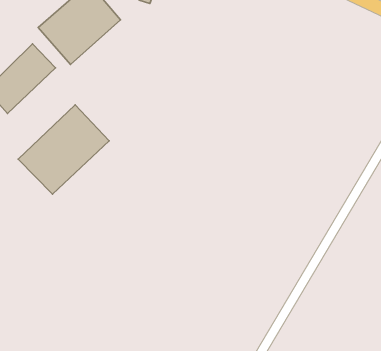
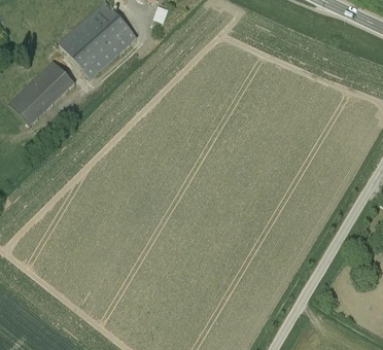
building: [18,105,109,194] -> none

